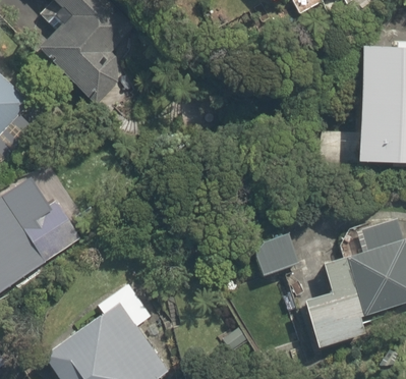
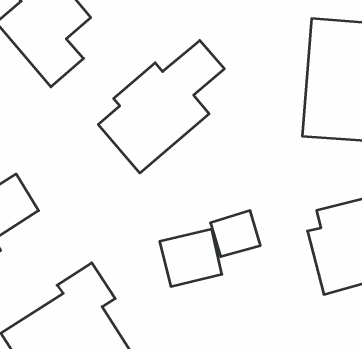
building: none -> [98,40,224,173]
building: [301,284,363,341] -> [160,229,222,286]

